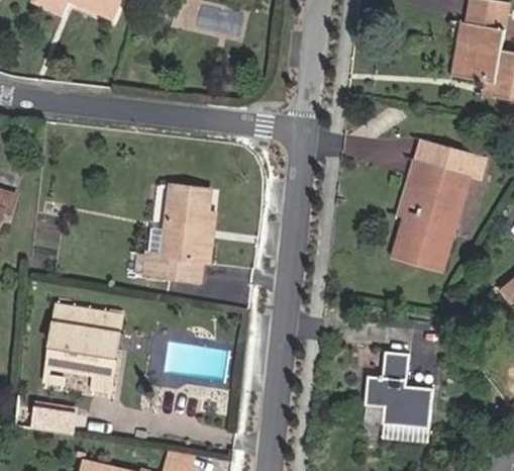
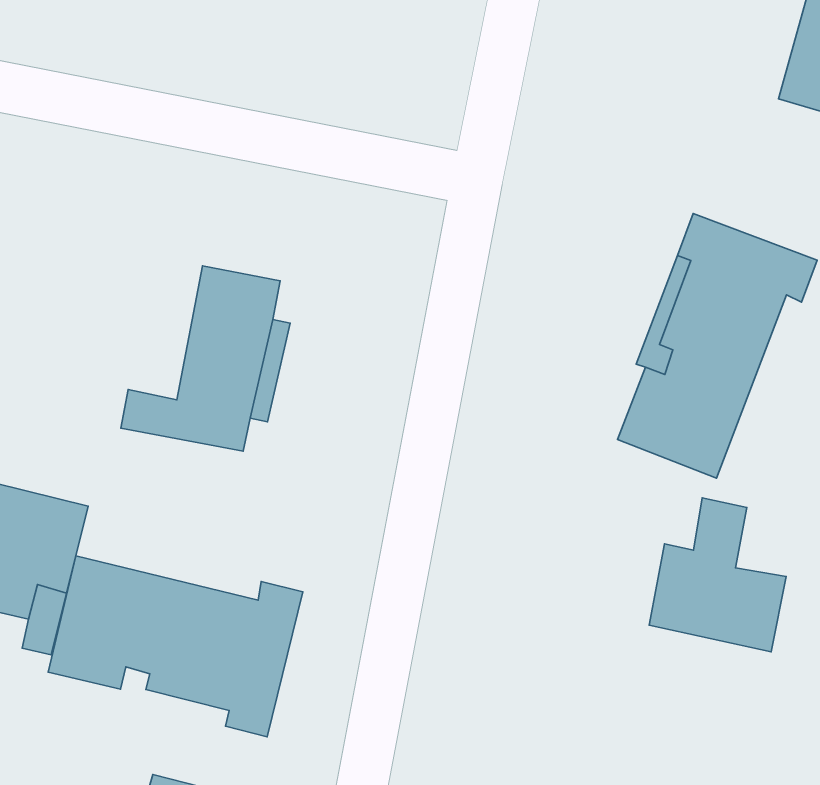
building: none -> [48,556,303,737]
building: [365,352,432,428] -> [649,498,786,652]

